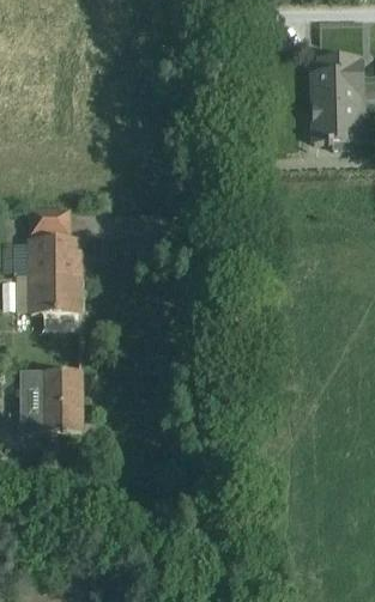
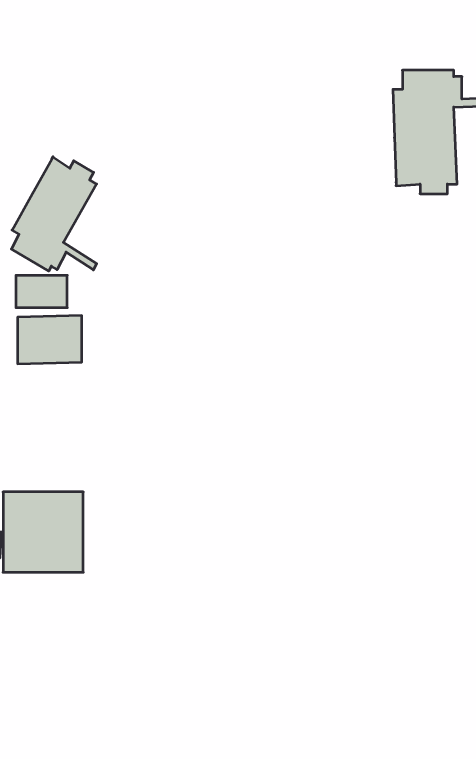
building: none -> [11,157,97,271]
building: [31,273,80,327] -> none

